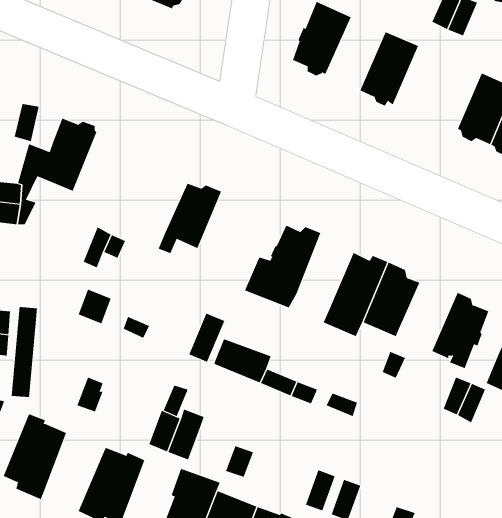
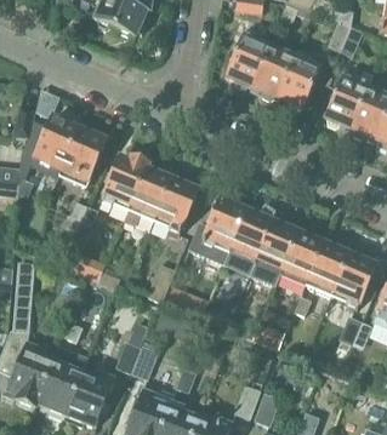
building: none -> [251,42,296,98]
building: none -> [324,69,374,127]
building: none -> [59,127,104,187]
building: none -> [101,158,147,208]
building: none -> [154,174,198,234]
building: none -> [223,206,272,274]
building: none -> [305,244,351,296]
building: none -> [38,347,89,417]

